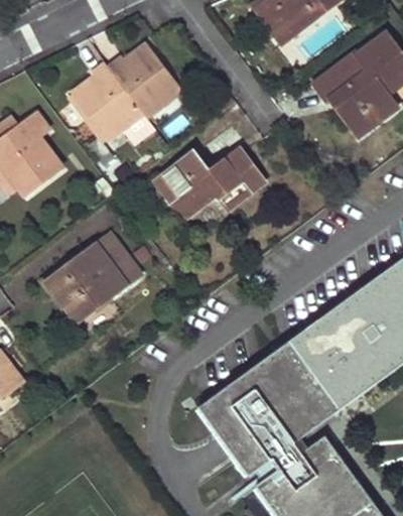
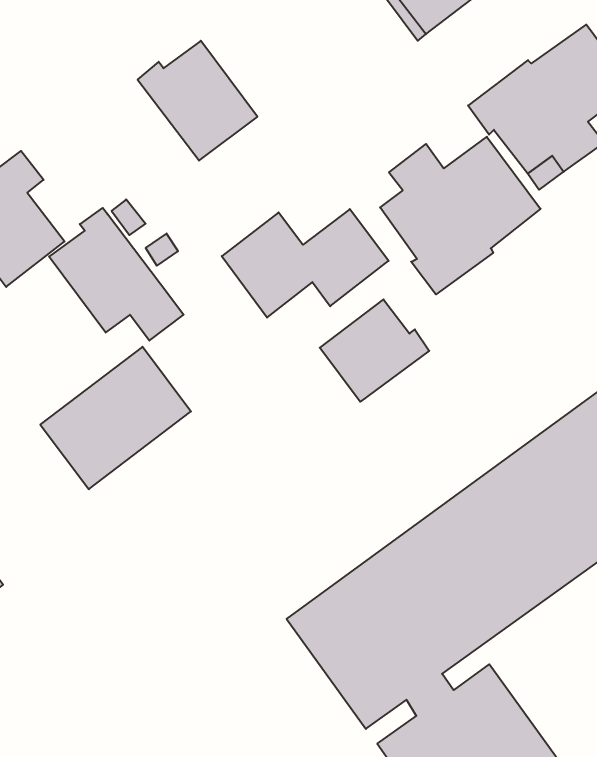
building: [71,64,154,147] -> [49,208,184,341]
building: none -> [380,137,541,294]
building: none -> [320,299,429,402]

